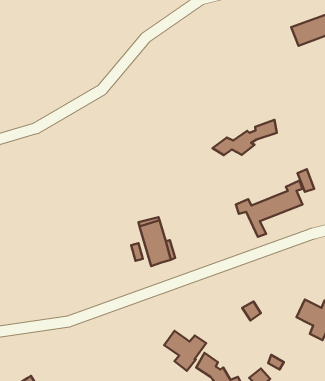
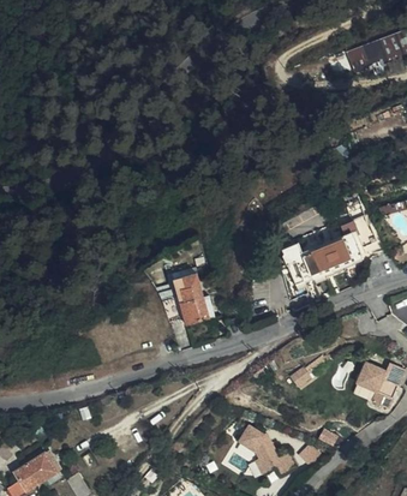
building: [212,120,277,155] -> none
building: [164,331,206,371] -> none

